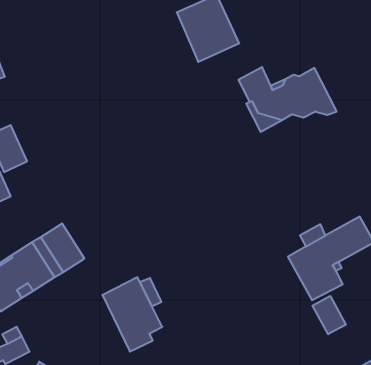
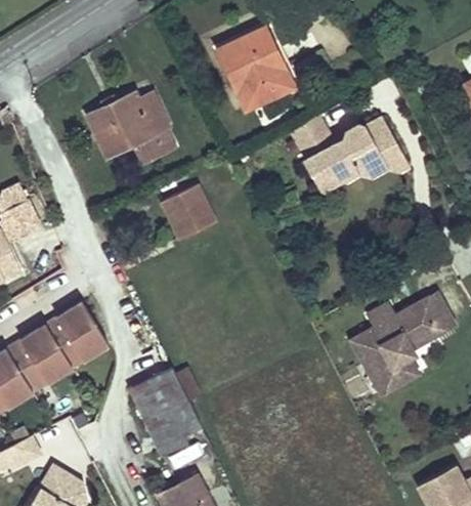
building: none -> [88,92,176,164]
building: none -> [162,184,215,241]
building: [312,296,346,334] -> none

